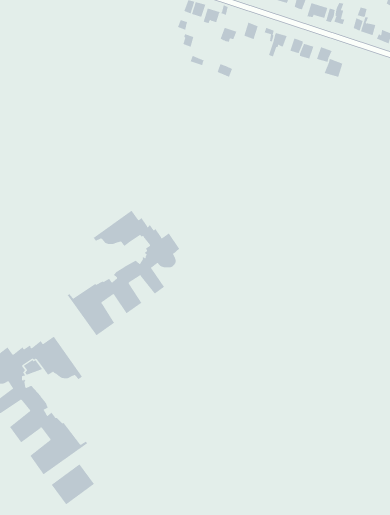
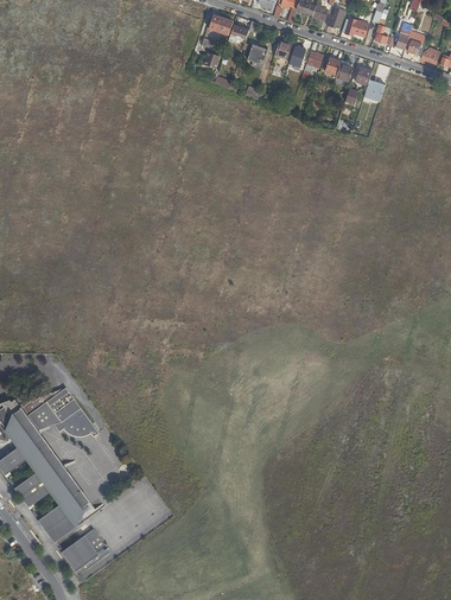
building: [67,210,180,336] -> none

